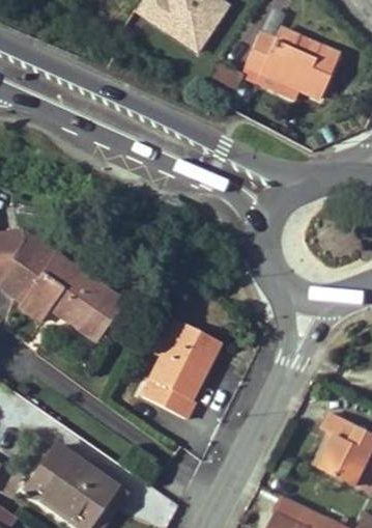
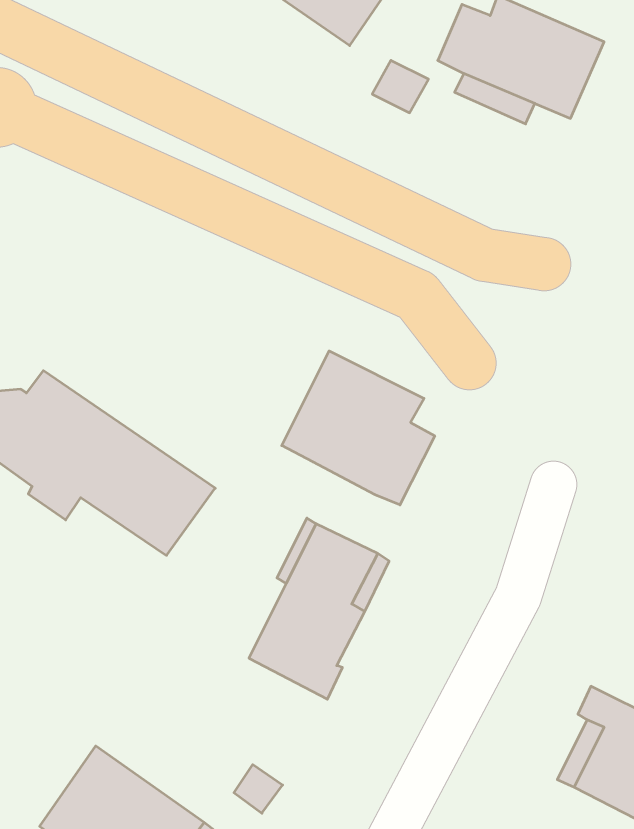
building: none -> [282,351,435,505]

